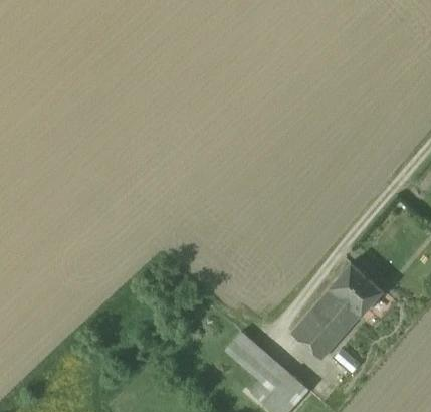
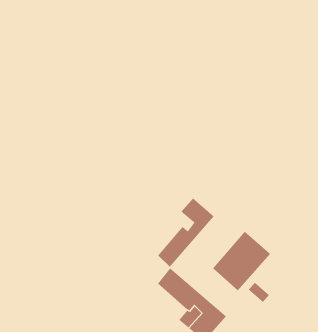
building: none -> [157,198,215,267]
building: [330,263,382,316] -> none

